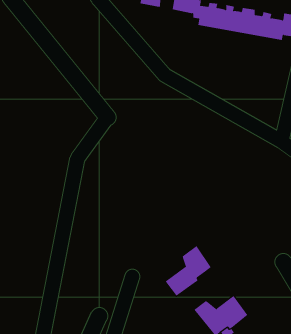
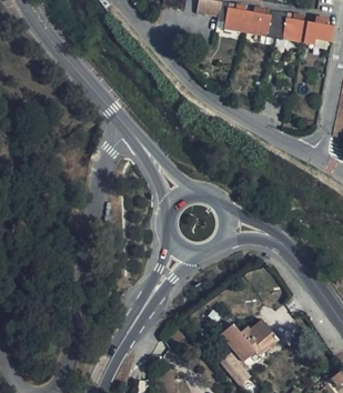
building: [165,245,212,296] -> none

